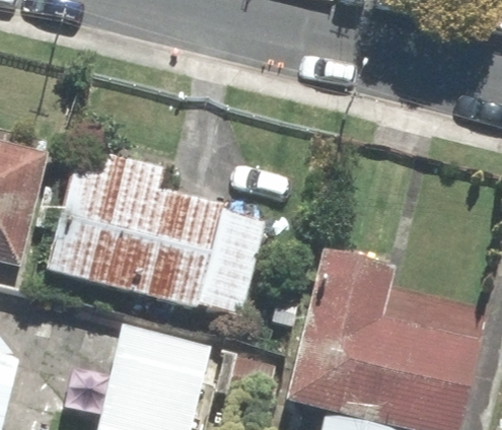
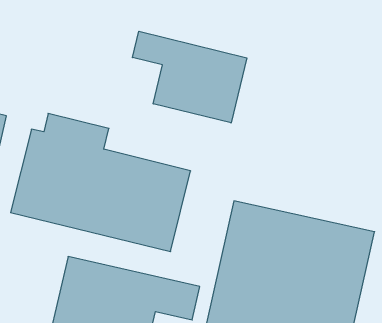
building: none -> [132,31,247,123]

